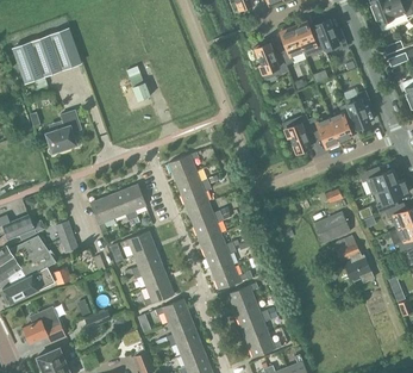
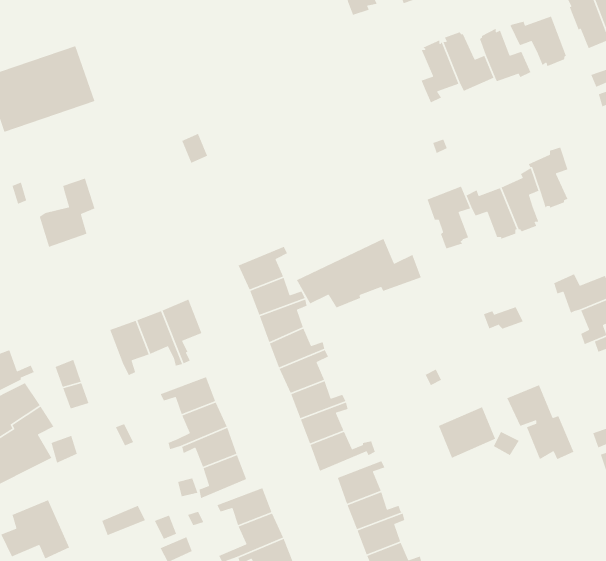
building: none -> [510,16,567,67]
building: [254,43,287,79] -> none
building: none -> [296,238,422,308]
building: [314,211,350,243] -> [438,406,496,459]

